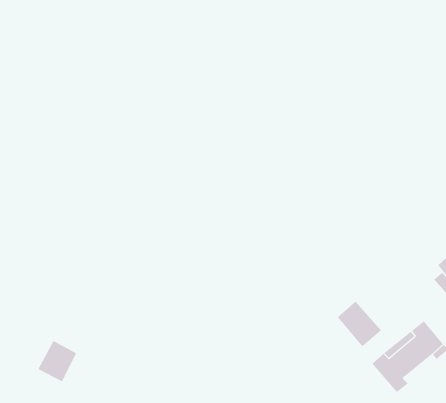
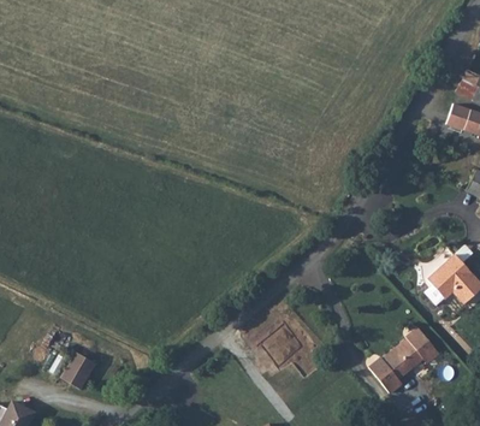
building: [337,301,382,347] -> none

